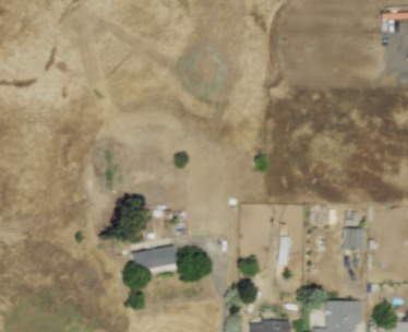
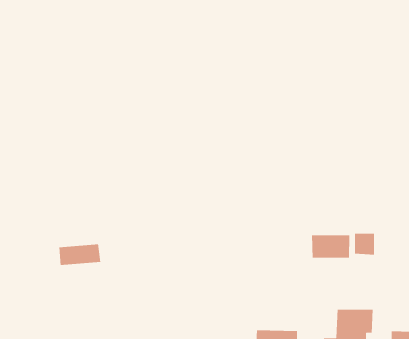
building: none -> [311,234,350,258]
building: [135,248,176,269] -> [59,244,101,266]

